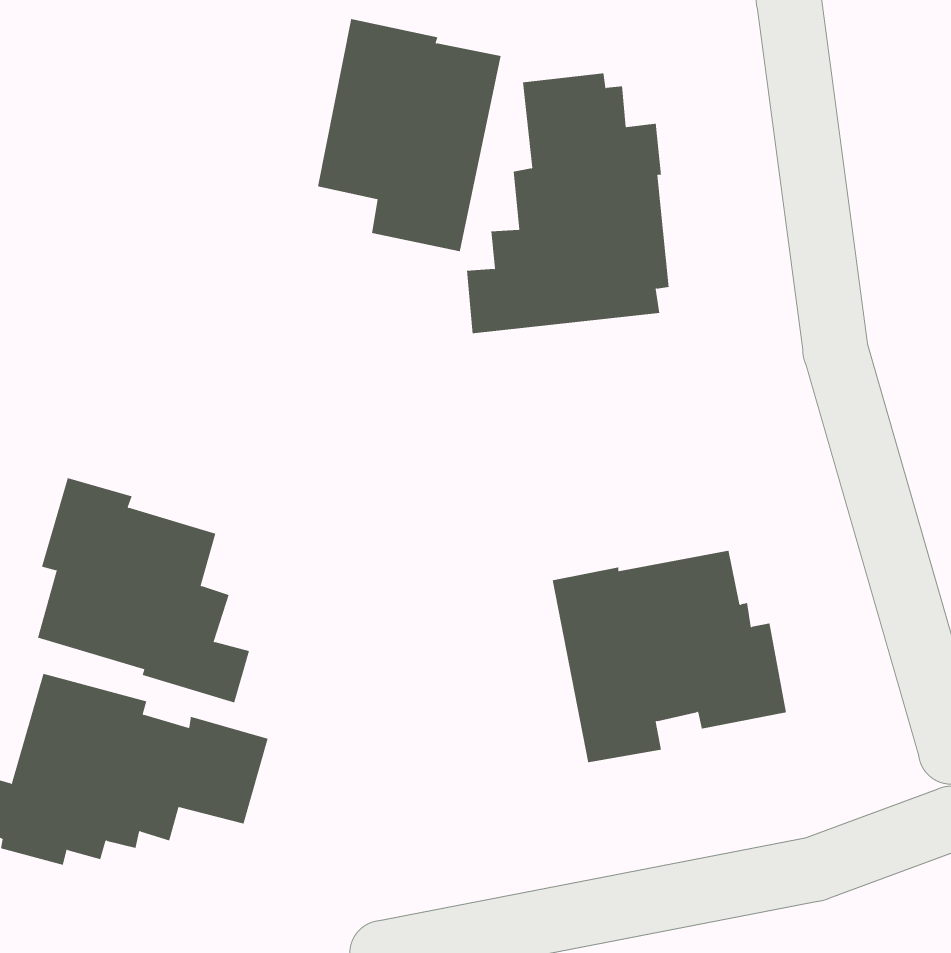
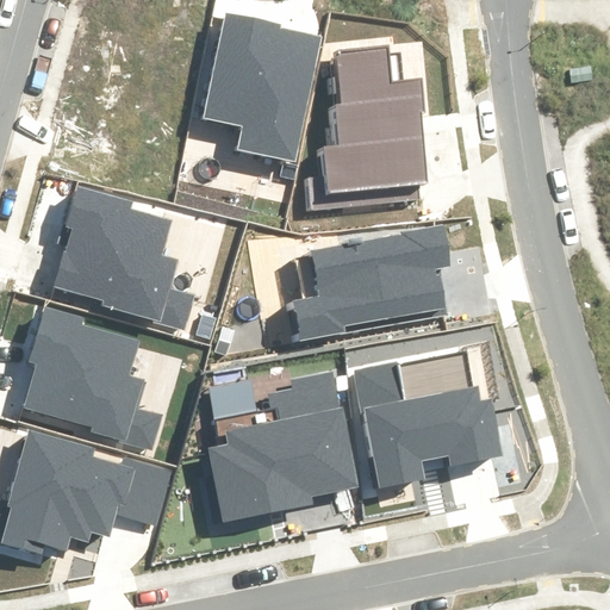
building: none -> [54,185,192,328]
building: none -> [284,224,449,343]
building: none -> [208,372,357,521]

